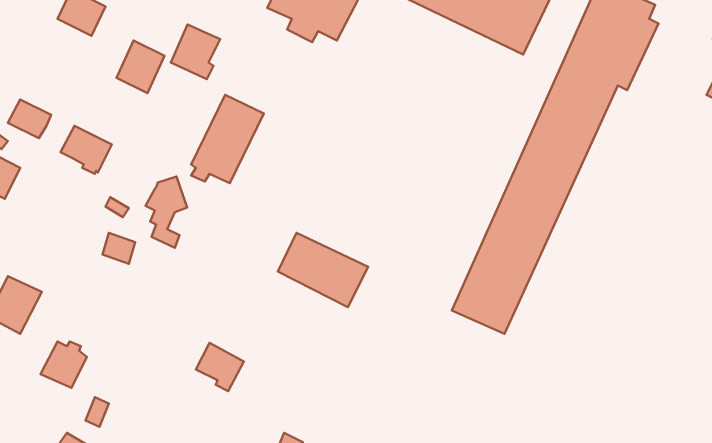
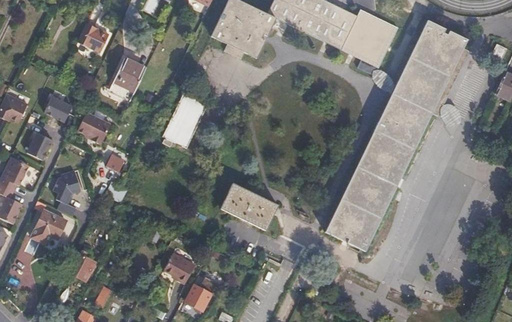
building: [171,24,220,79] -> none
building: [145,176,187,248] -> [52,171,79,217]
building: none -> [186,278,217,310]

